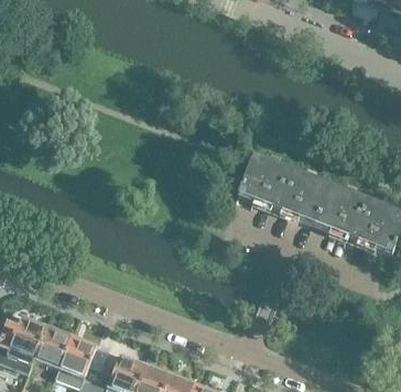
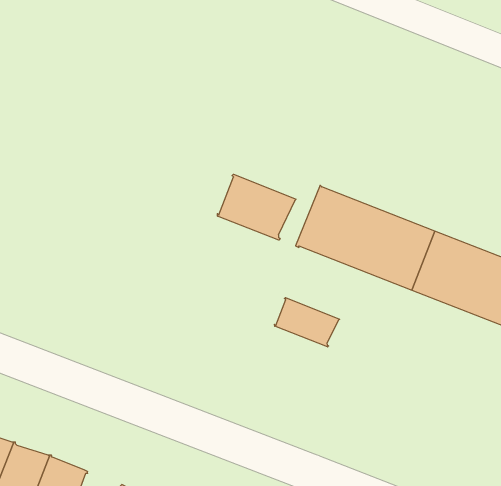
building: none -> [217,174,296,240]
building: none -> [274,298,340,347]

